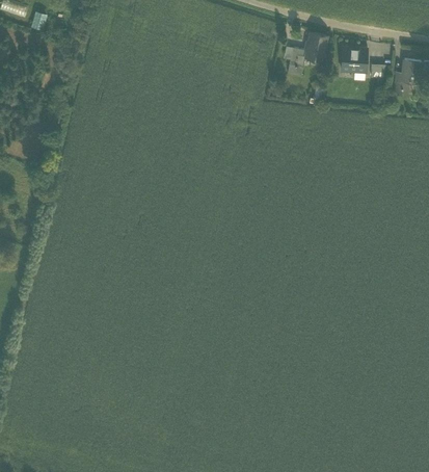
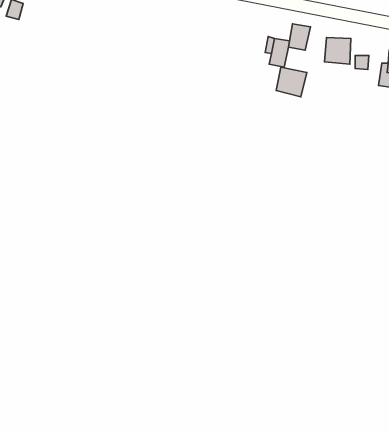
building: none -> [276,67,307,97]

